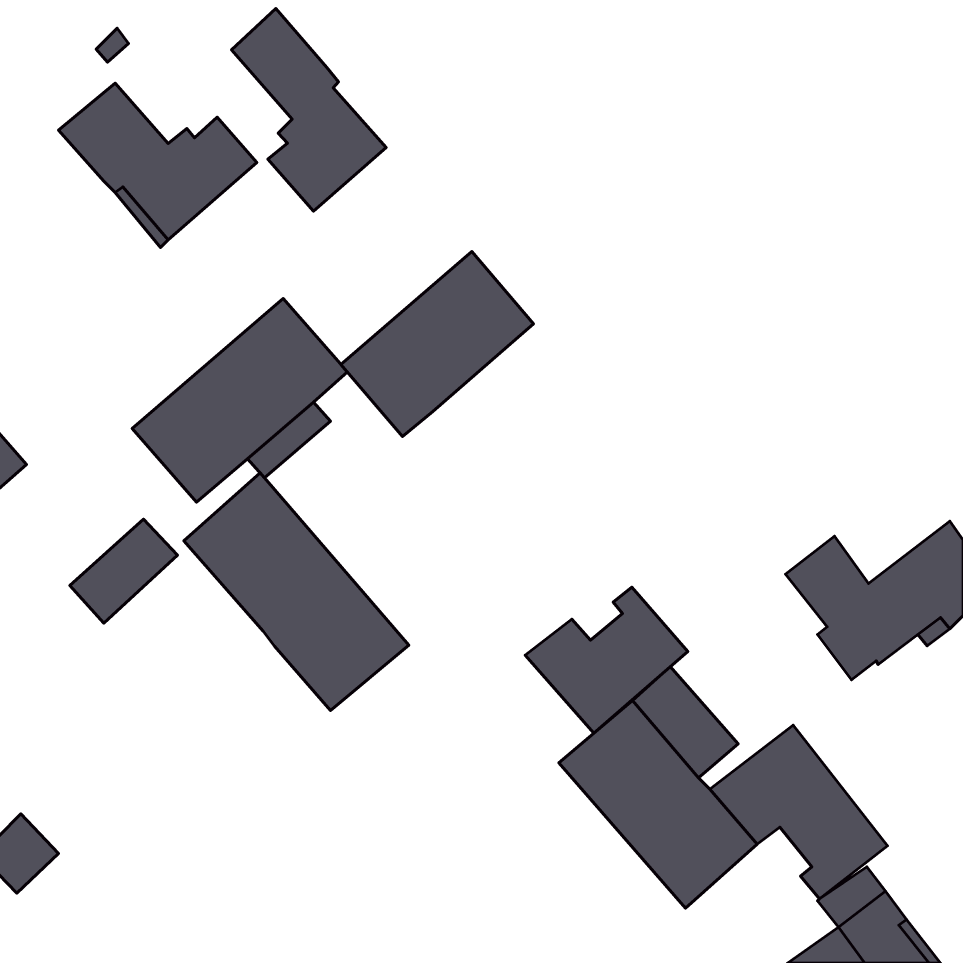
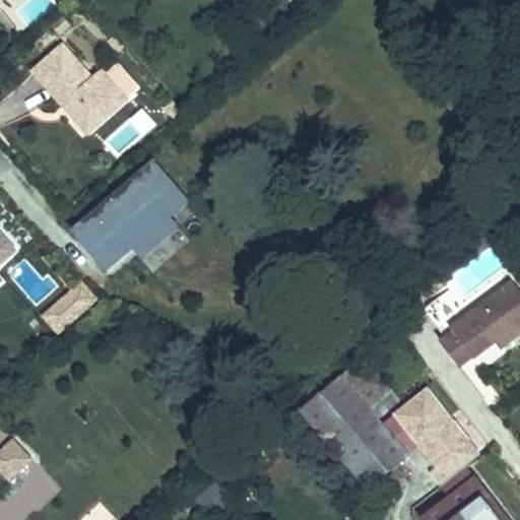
building: [231,8,386,211] -> none
building: [341,252,533,437] -> none
building: [184,473,409,711] -> none
building: [525,587,688,733] -> none

